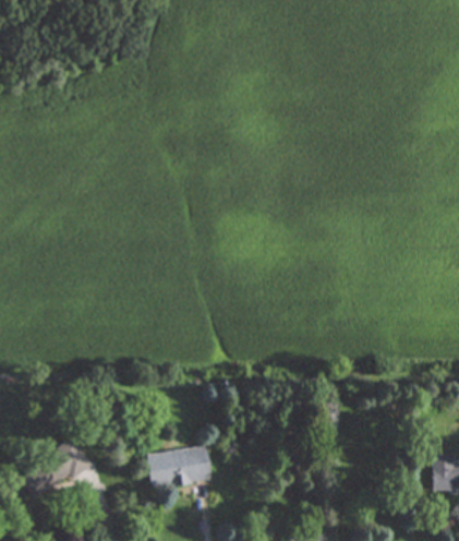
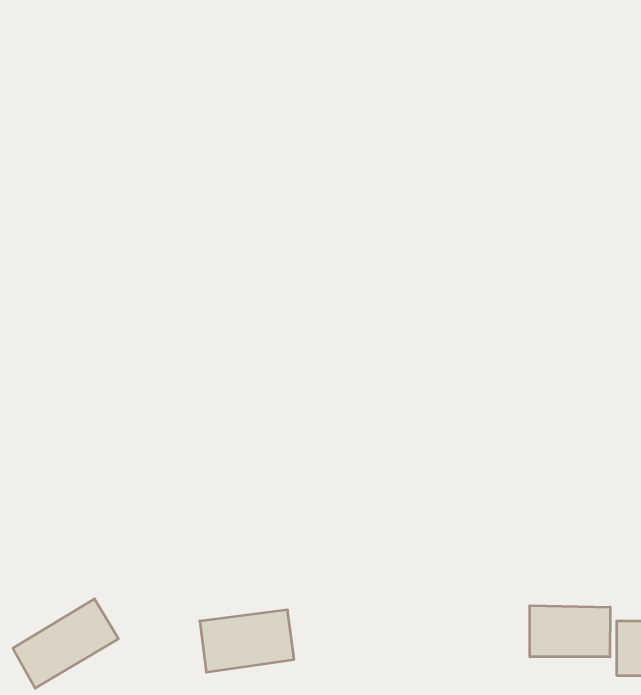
building: none -> [530,606,610,657]

